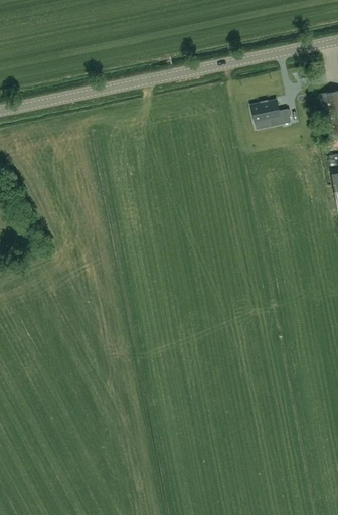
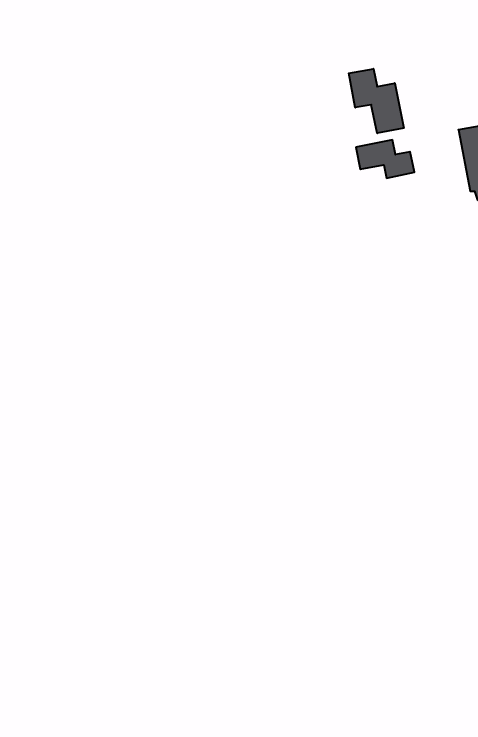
building: none -> [349,69,404,133]

